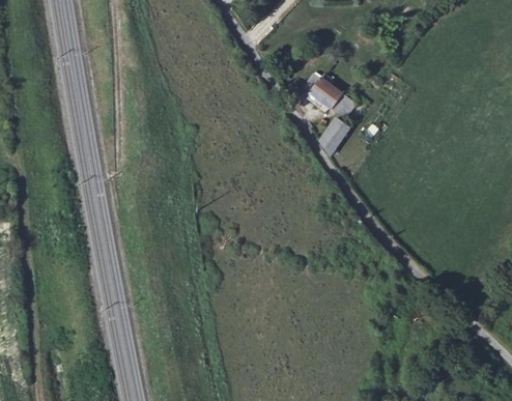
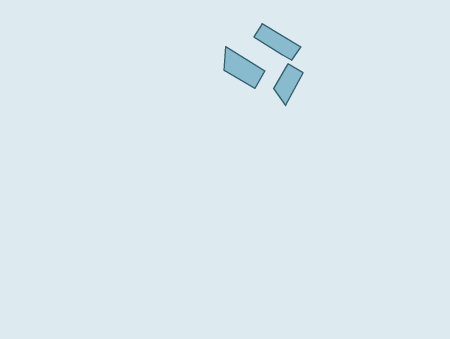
building: none -> [224,47,265,88]

